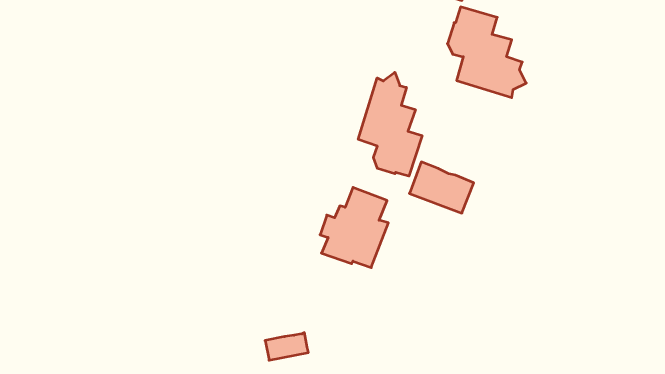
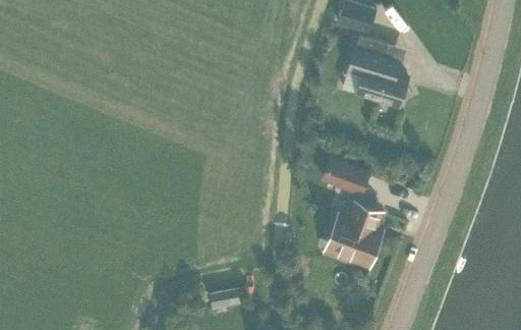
building: [358,72,422,176] -> none
building: [320,187,388,268] -> [330,202,383,264]

